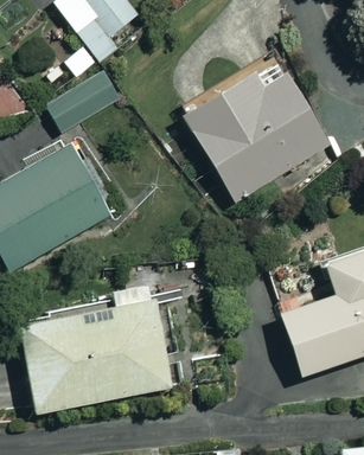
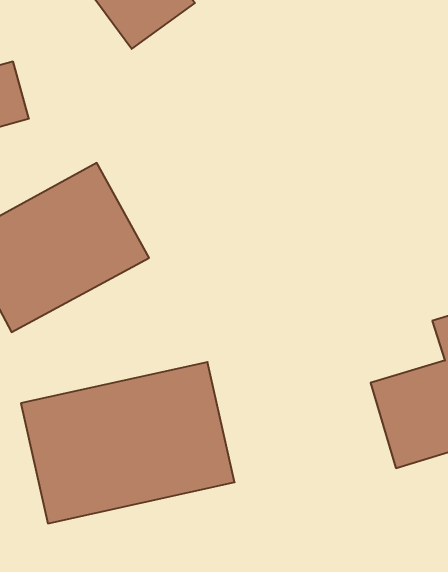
building: [49,46,119,130] -> none
building: [183,57,331,201] -> none

